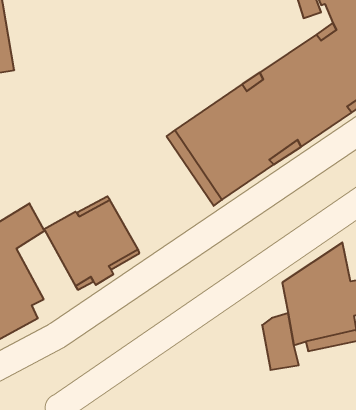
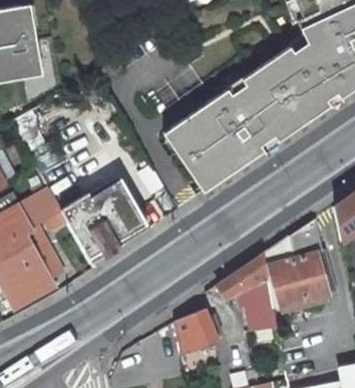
building: none -> [218,257,268,304]
building: none -> [177,312,222,357]

